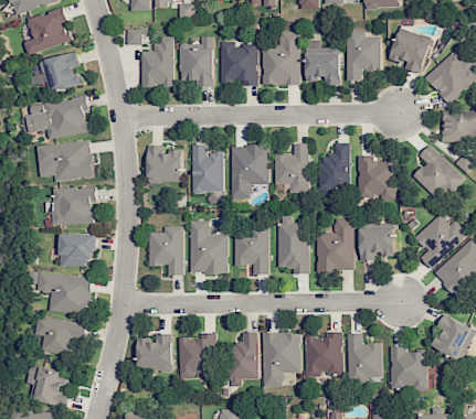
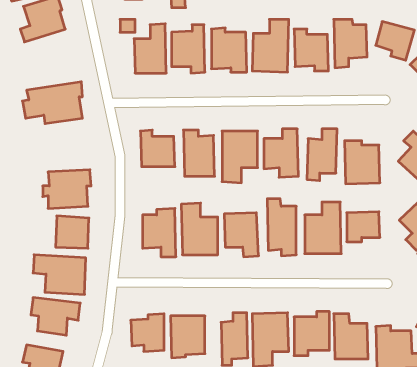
building: [39,52,81,93] -> none
building: [38,140,93,181] -> none

